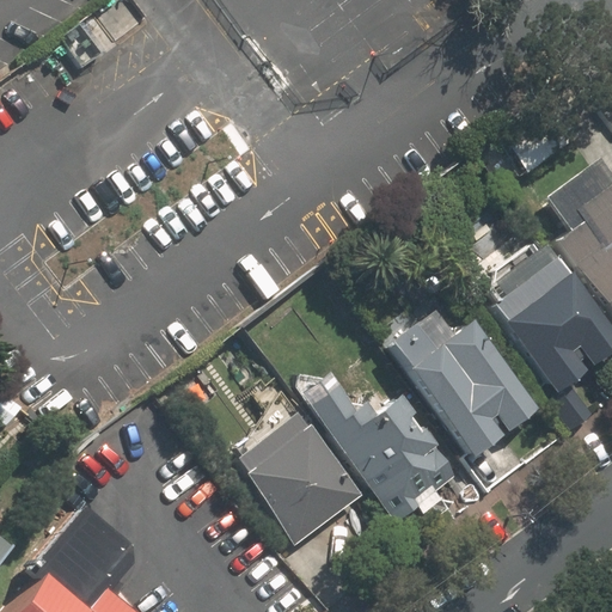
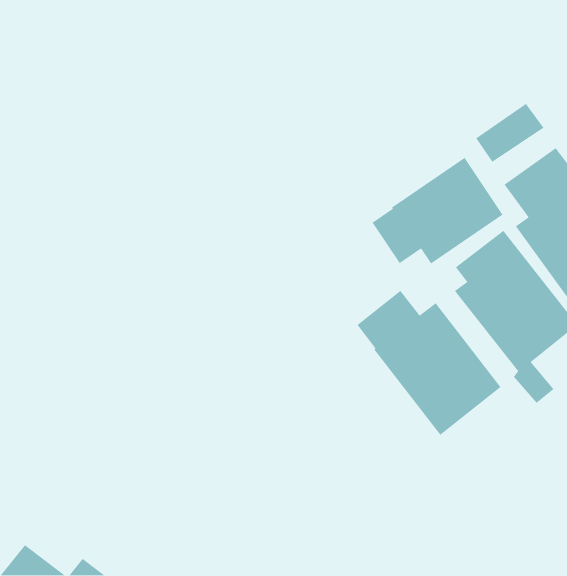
building: none -> [372,157,503,265]
building: [298,366,457,524] -> none
building: [238,414,366,547] -> none

